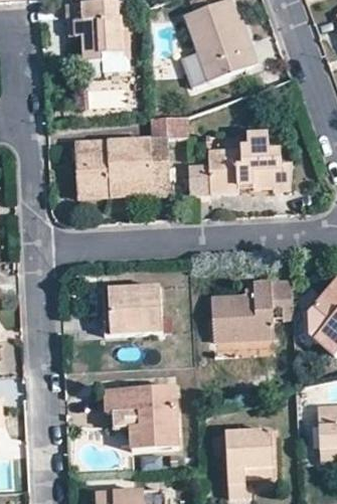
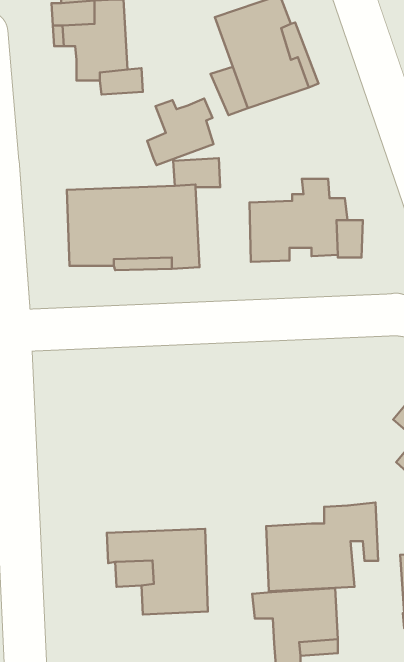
building: none -> [147,98,214,165]
building: [210,278,292,342] -> [266,503,378,591]
building: [109,285,162,334] -> none

